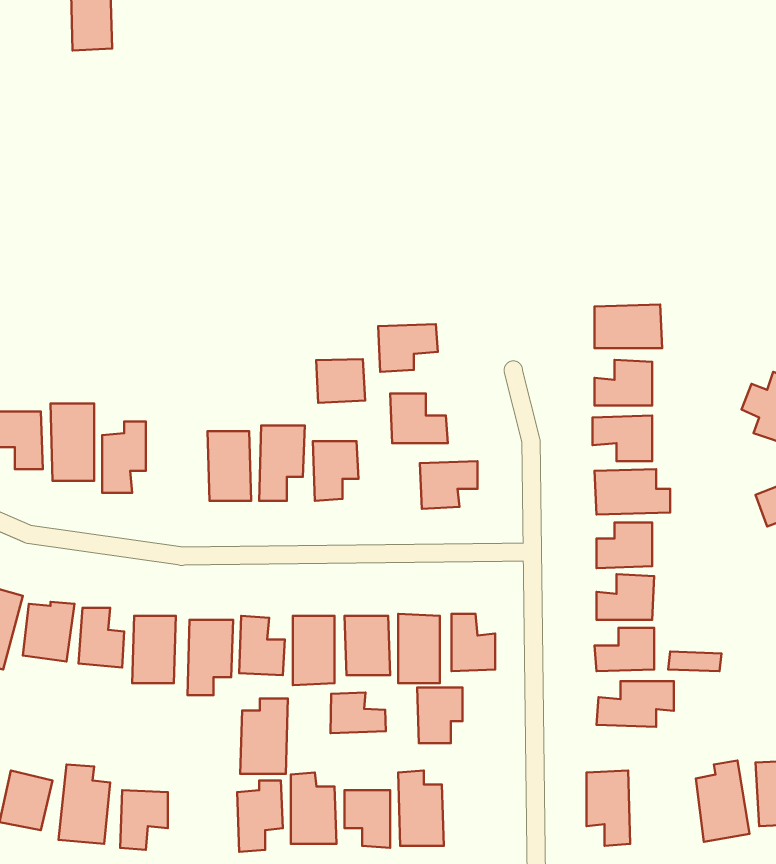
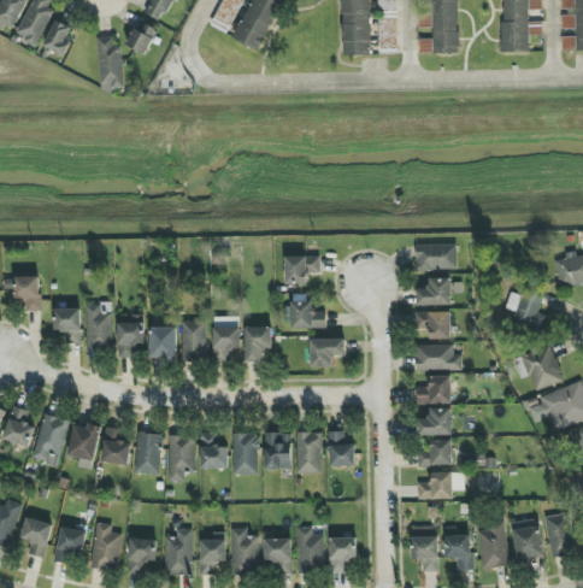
building: [316,359,365,403] -> none
building: none -> [149,327,177,363]
building: [417,688,463,743] -> [329,537,357,571]
building: [331,693,386,733] -> none
building: [240,698,288,774] -> [164,529,193,575]
building: none -> [444,535,472,570]

